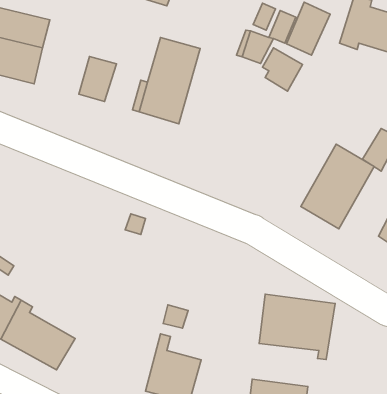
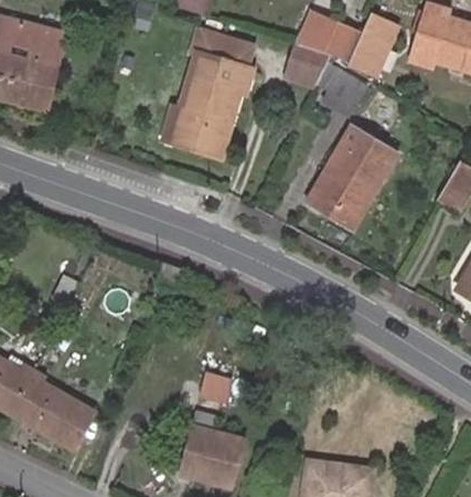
building: none -> [196,31,250,66]
building: [79,56,116,102] -> none
building: [301,144,374,229] -> [308,126,395,226]
building: [259,294,335,359] -> none

